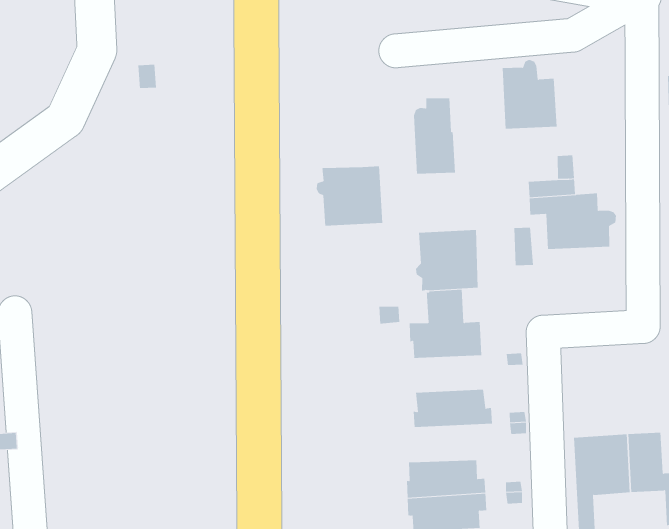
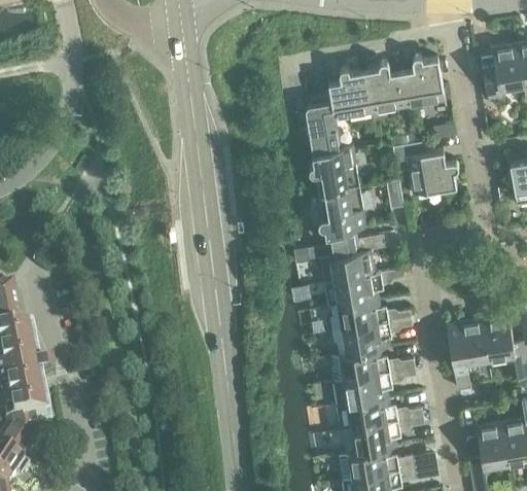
building: none -> [402,57,446,108]
building: none -> [328,69,372,120]
building: [316,166,383,226] -> [310,147,360,195]
building: none -> [324,275,382,308]
building: none -> [332,323,390,356]

